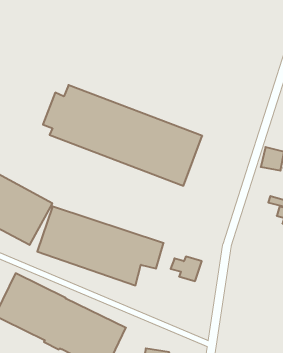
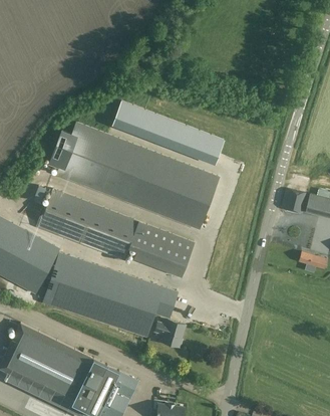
building: none -> [111,101,224,166]
building: none -> [38,189,194,269]
building: [171,257,202,281] -> [152,321,186,347]

